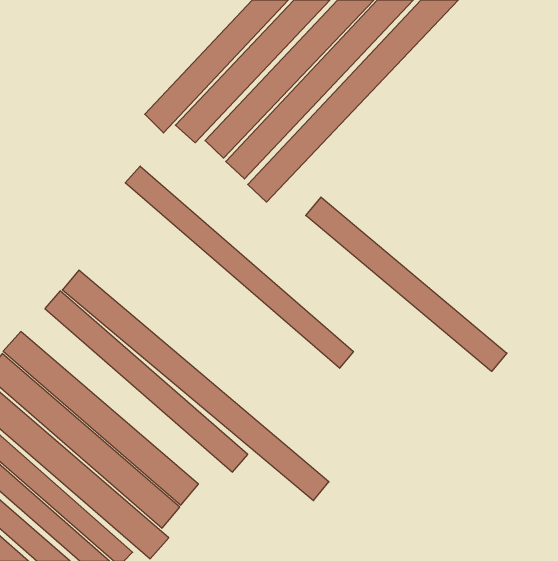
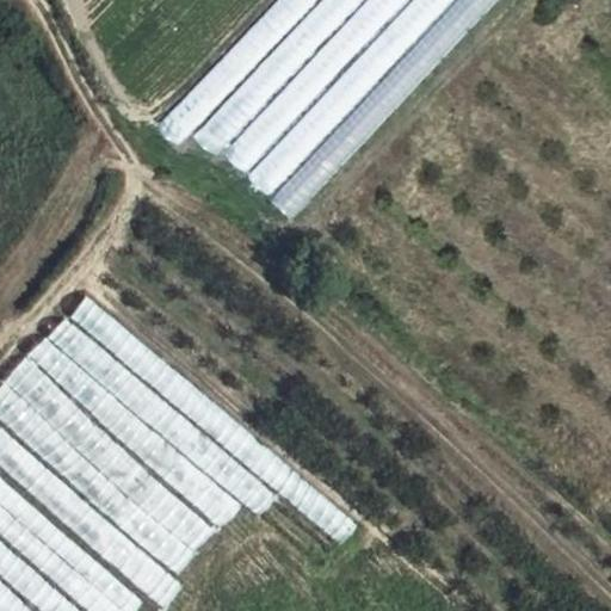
building: [125,166,353,368] -> none
building: [306,197,507,371] -> none
building: none -> [24,335,236,525]

